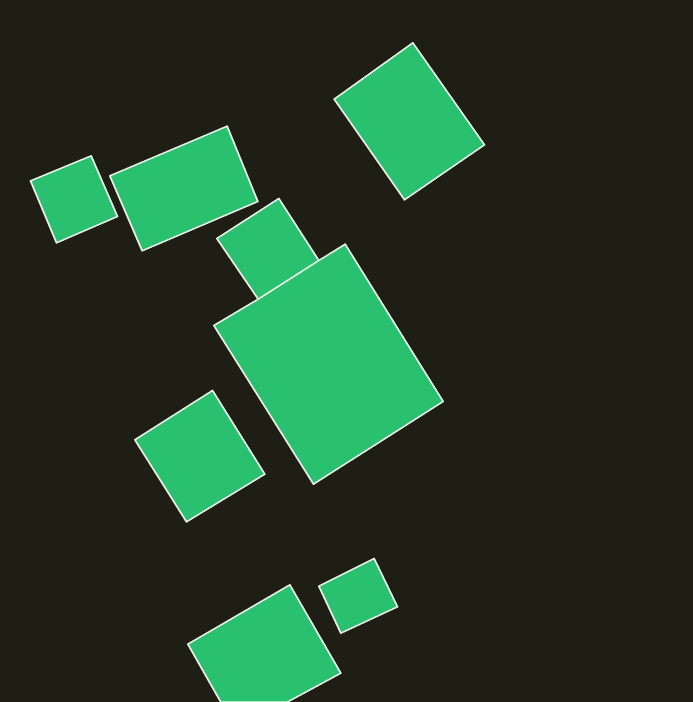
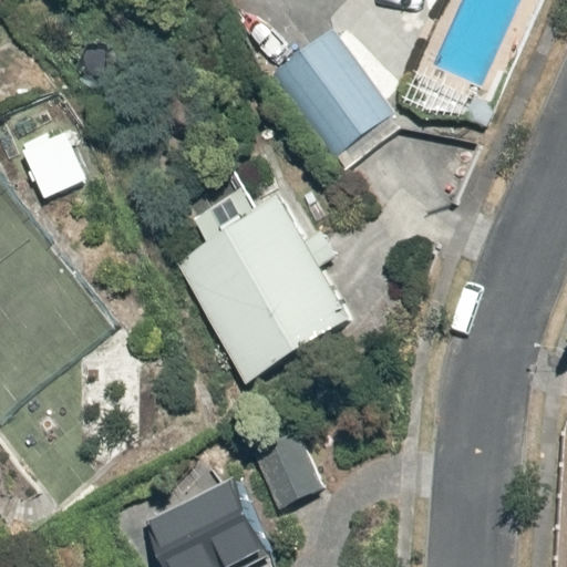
building: [110,126,258,251] -> none
building: [135,391,265,522] -> none

